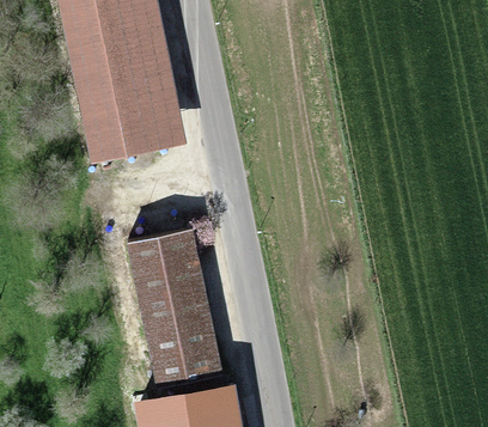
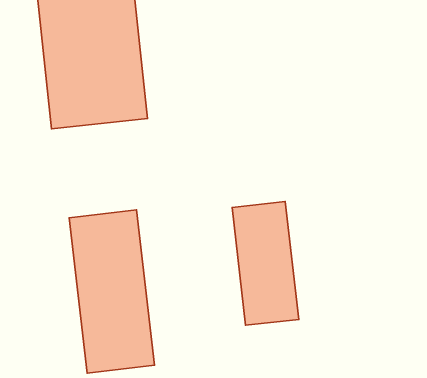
building: none -> [232,201,299,325]

